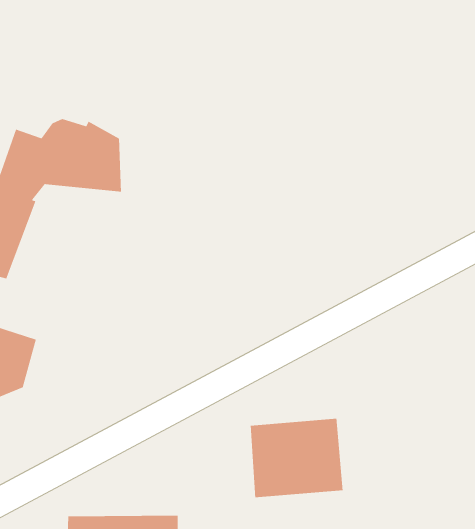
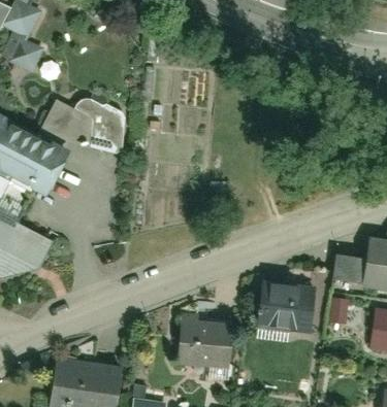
building: none -> [251,279,320,330]

